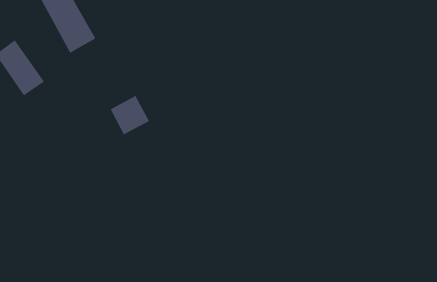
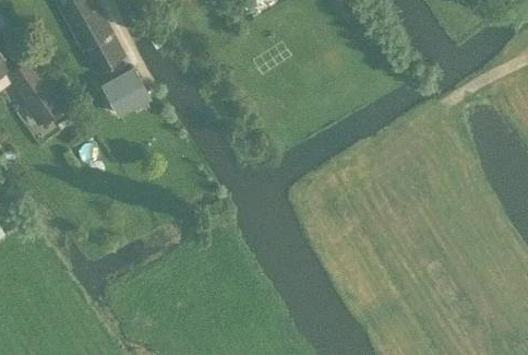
building: [110,95,150,135] -> [101,69,148,116]

